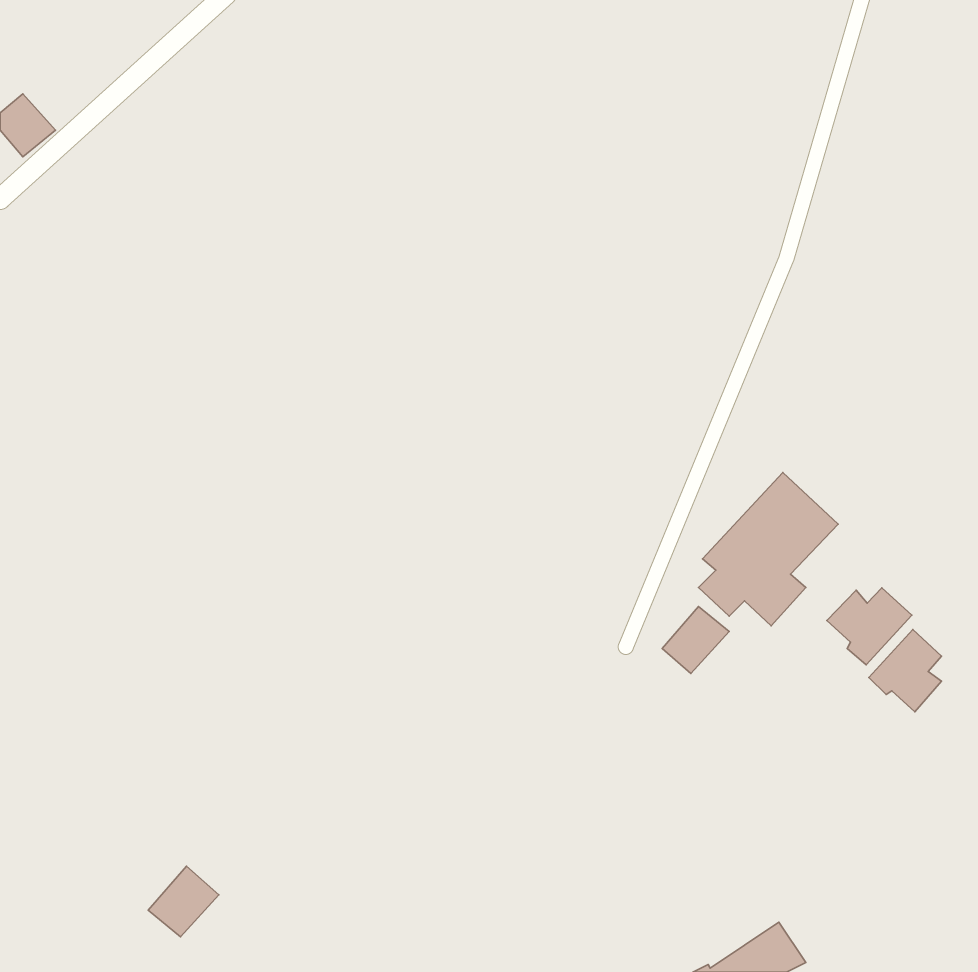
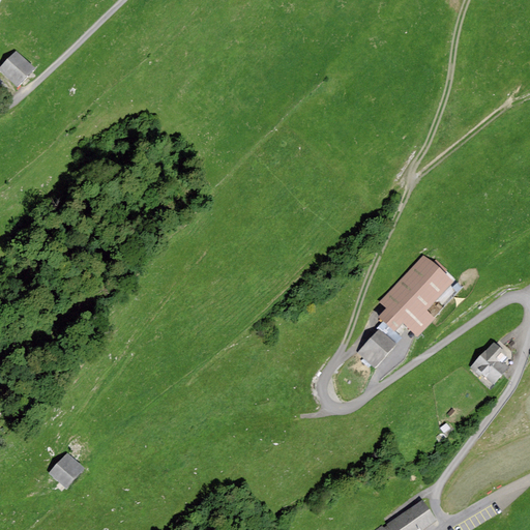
building: [827,588,912,665] -> none
building: [148,866,219,937] -> [46,451,84,490]

